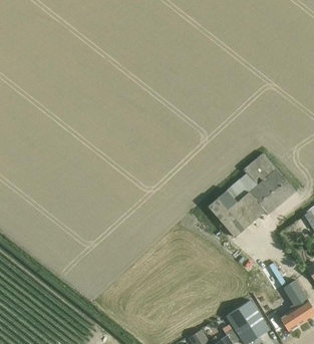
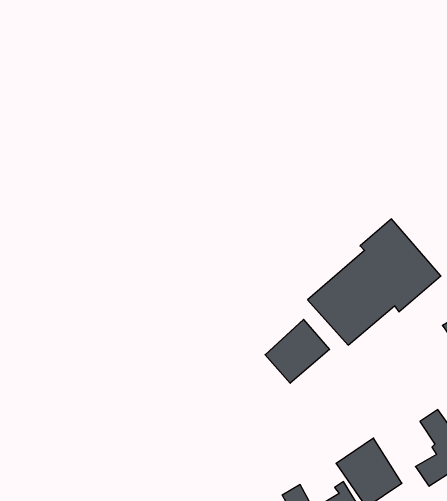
building: none -> [265,319,330,383]

